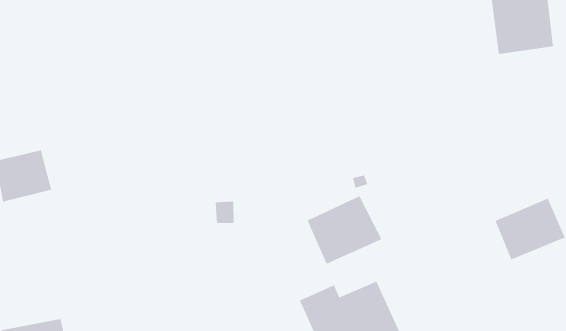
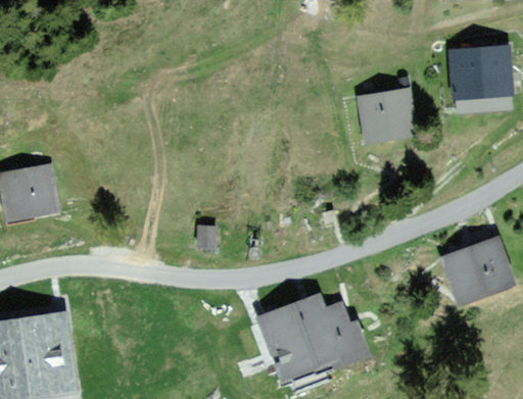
building: none -> [363,92,411,135]
building: [307,195,382,265] -> none

